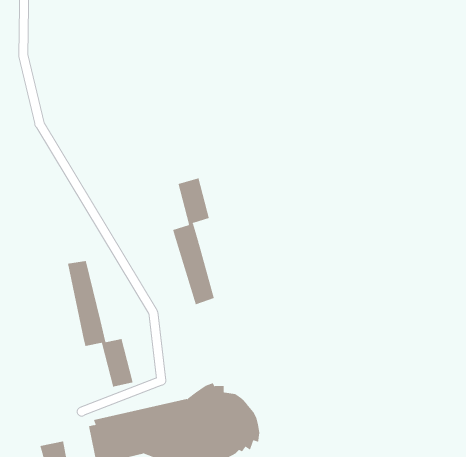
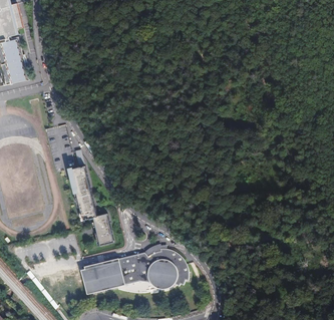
building: [172,177,215,305] -> none

